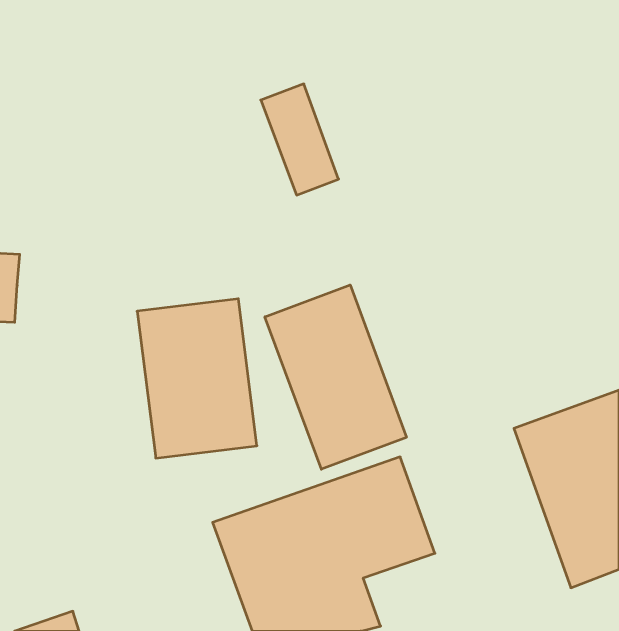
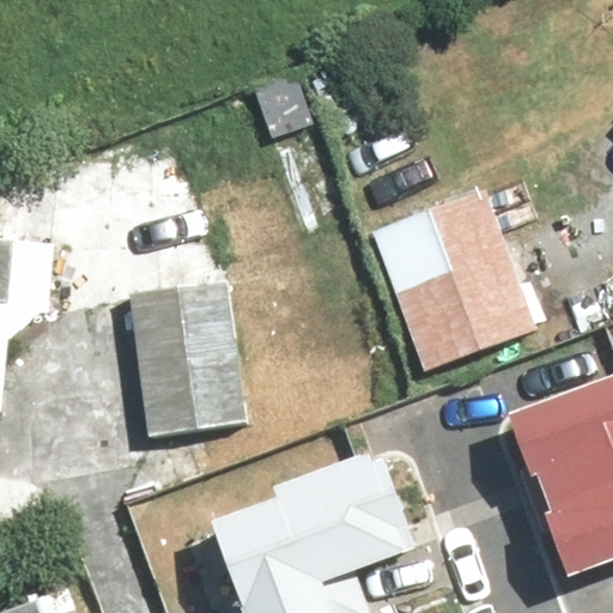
building: none -> [374,195,539,378]
building: [265,285,406,469] -> none

